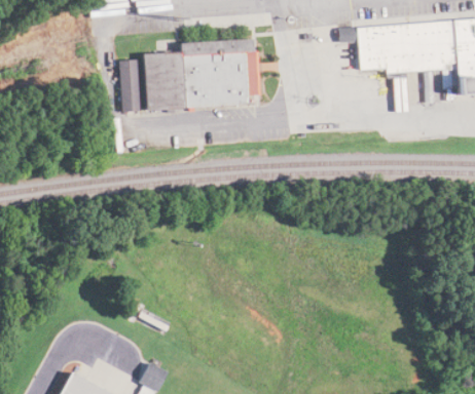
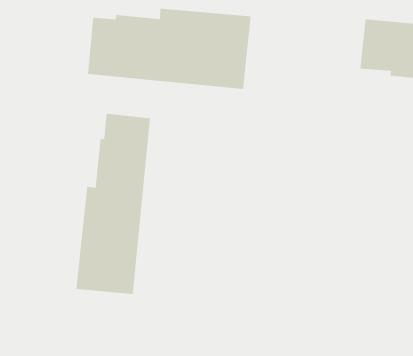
building: none -> [76,113,151,295]

